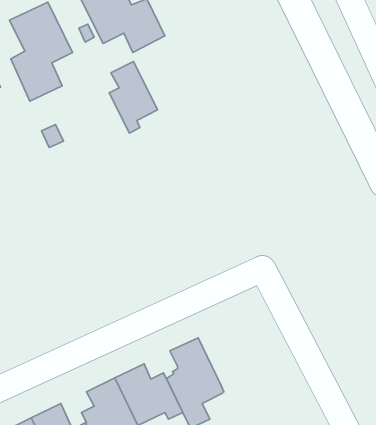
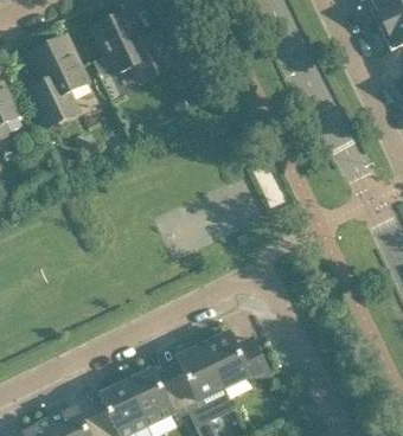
building: [109,62,157,133] -> none
building: none -> [204,331,270,387]

